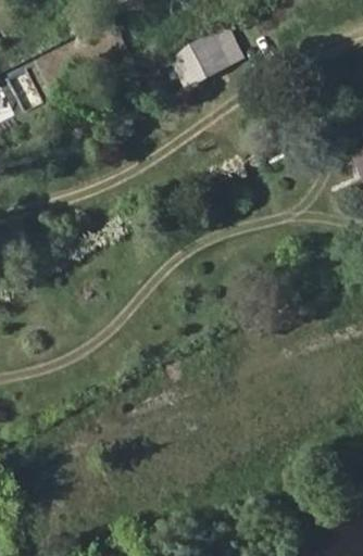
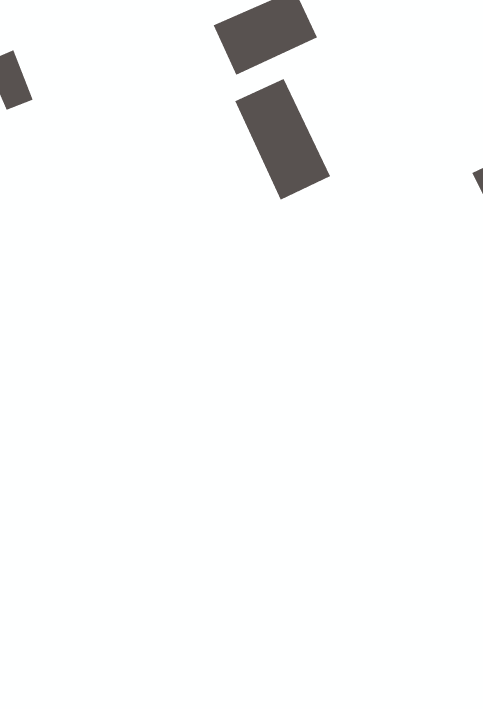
building: none -> [234,78,331,200]

